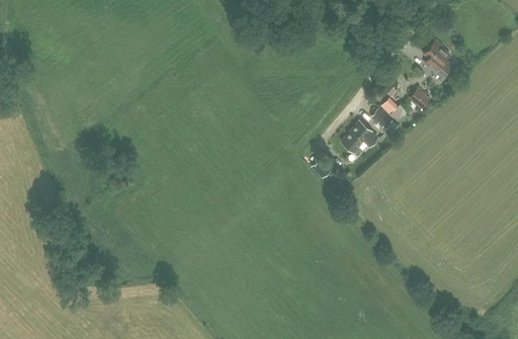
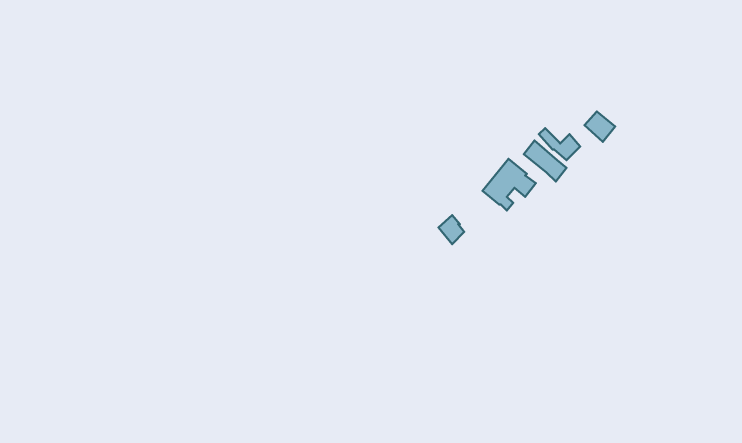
building: [423,40,452,77] -> none

